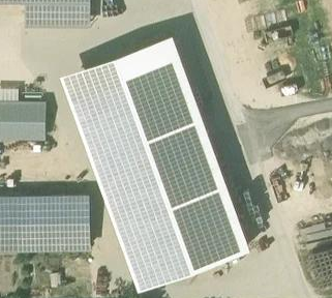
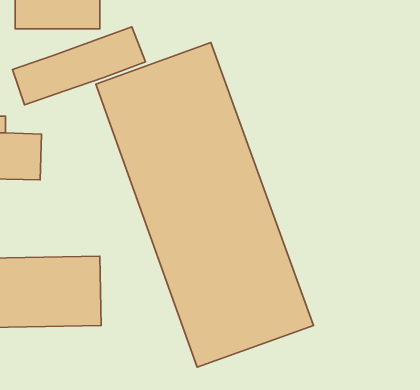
building: none -> [13,27,145,105]
building: [62,67,161,287] -> none

